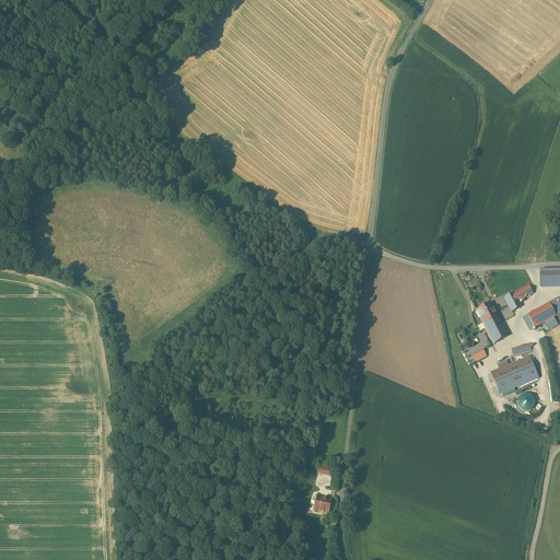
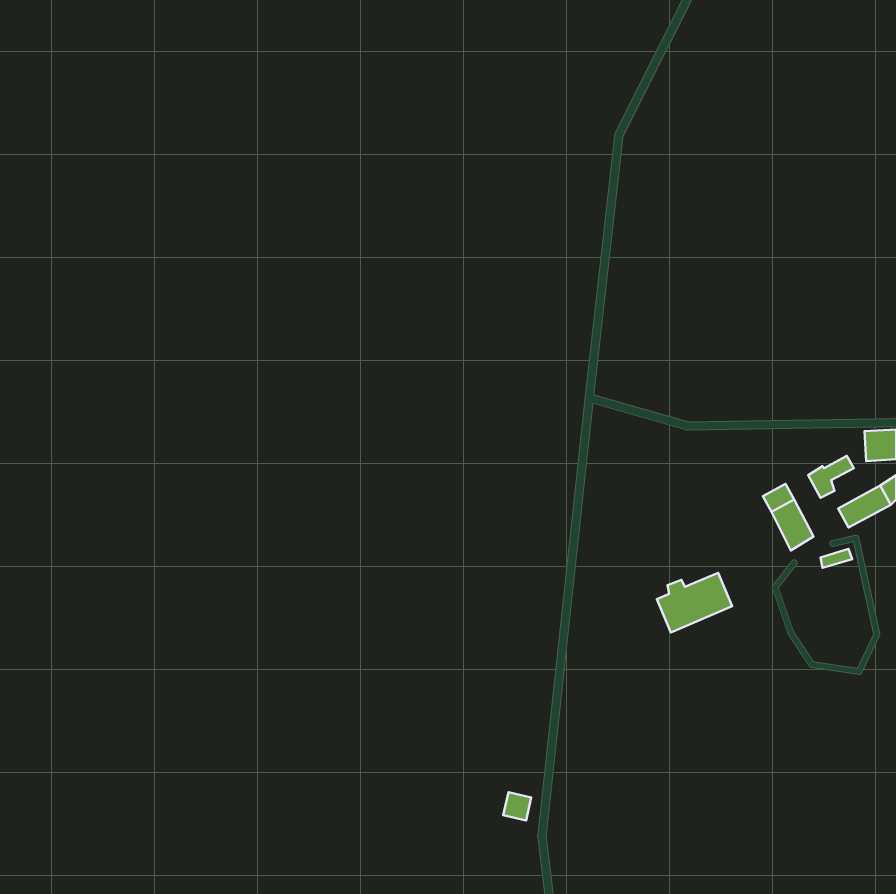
building: [491,355,538,393] -> [657,573,732,633]

